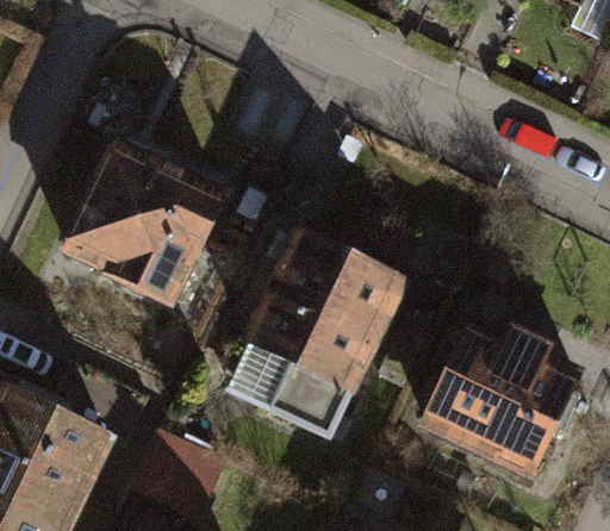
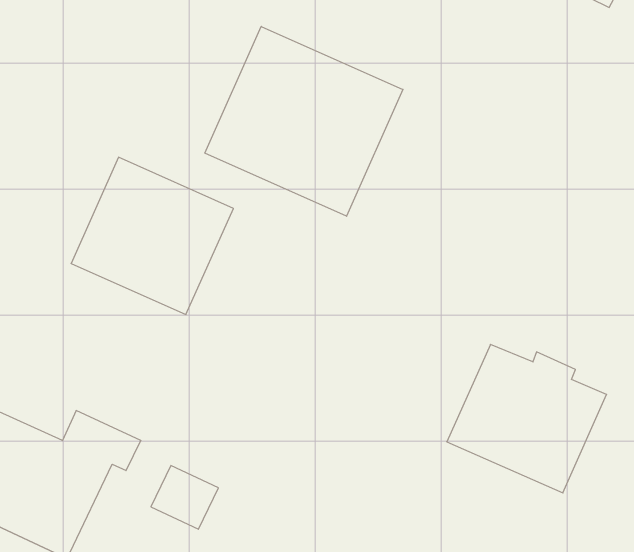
building: none -> [205,26,403,216]
building: [247,239,403,429] -> none

